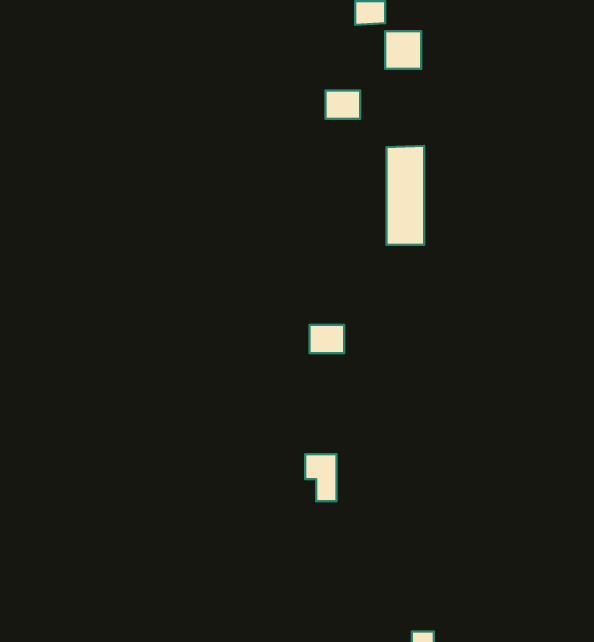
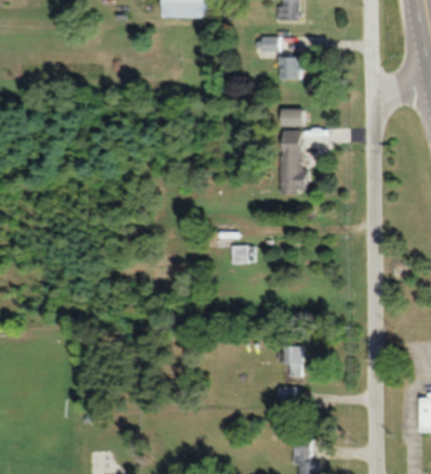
building: [326,90,360,119] -> [280,108,302,127]
building: [305,454,336,501] -> [281,346,301,377]

